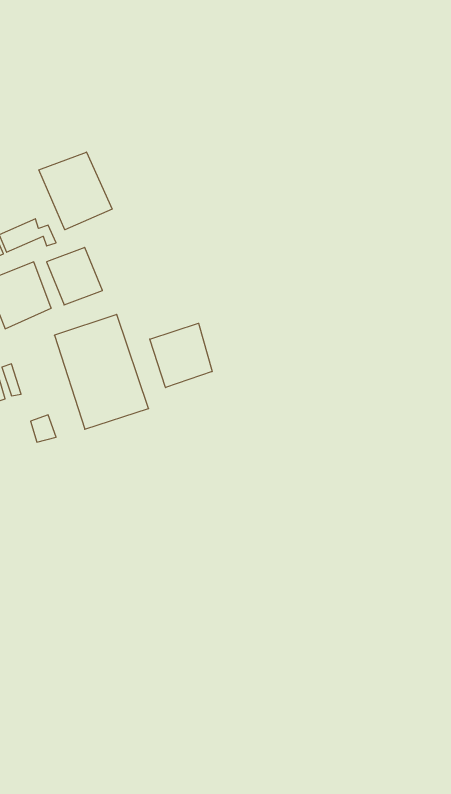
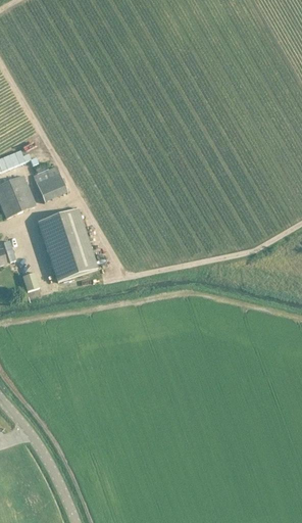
building: [39,152,112,230] -> none
building: [150,323,212,388] -> none

